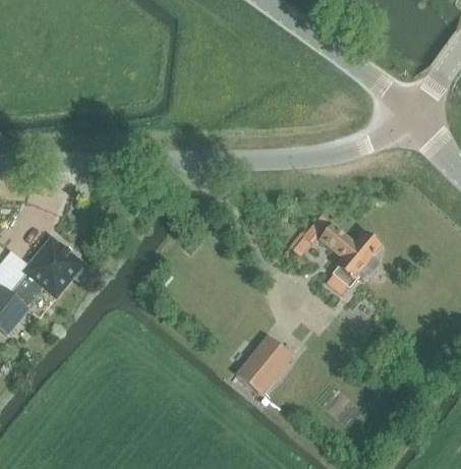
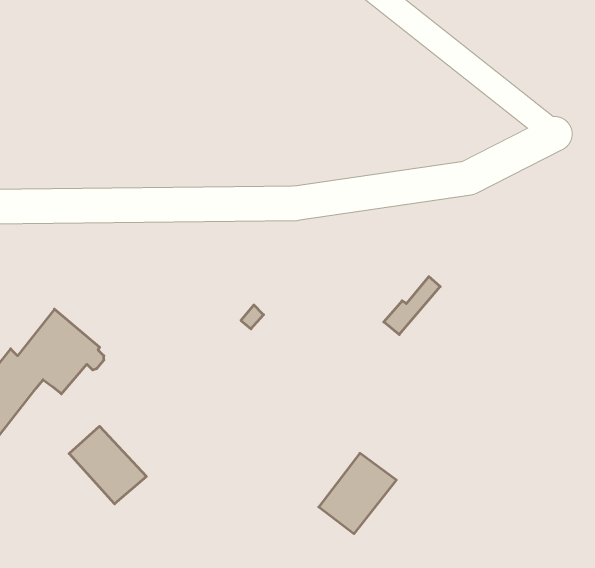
building: [321,223,381,286] -> none
building: none -> [69,426,146,504]

